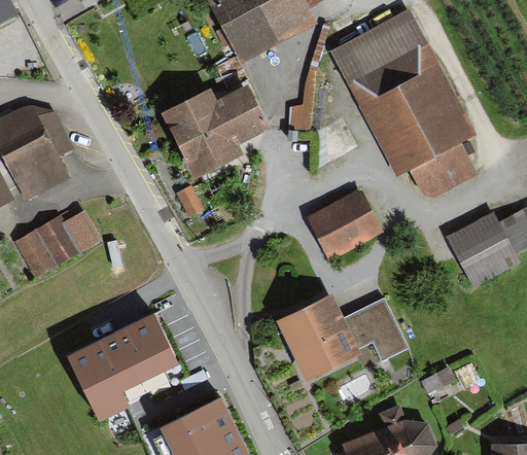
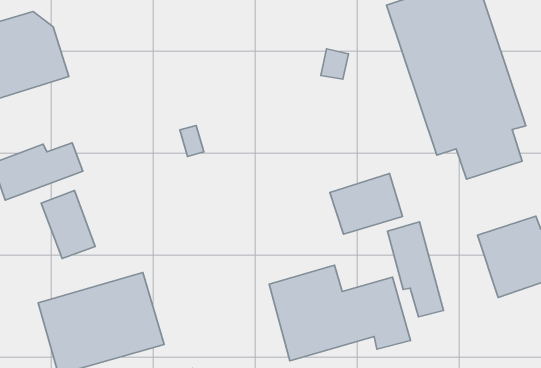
building: [165,90,268,180] -> none
building: none -> [387,222,443,317]
building: none -> [41,190,95,258]

